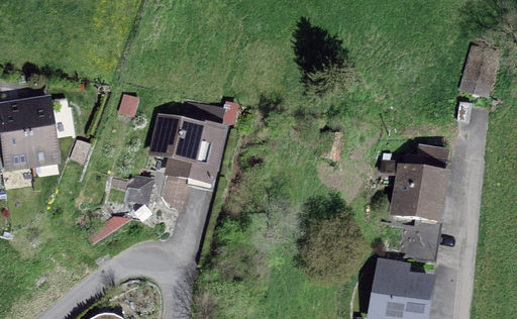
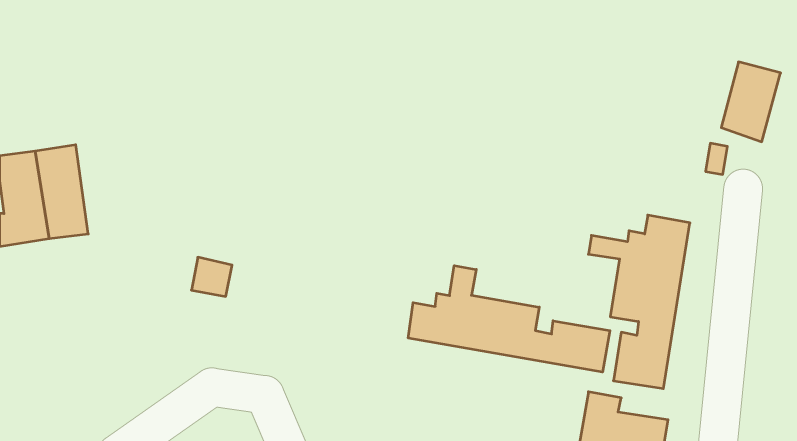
building: [151,101,226,210] -> none
building: none -> [408,266,610,372]

